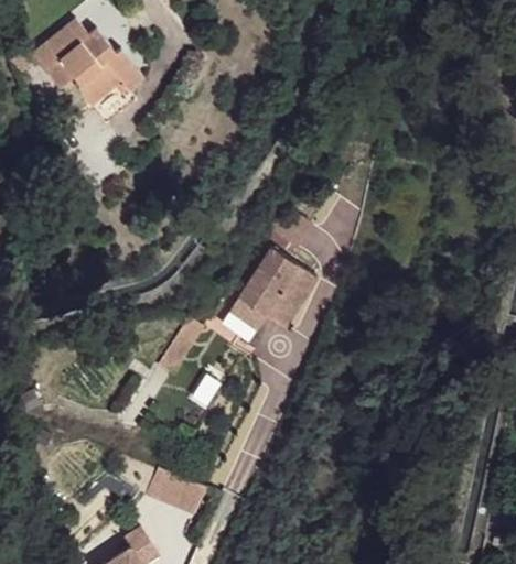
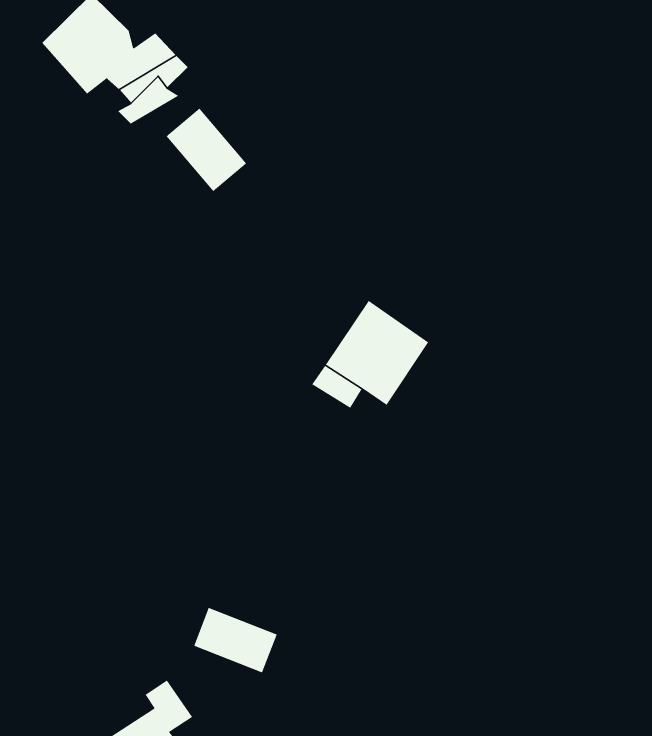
building: none -> [165,107,247,192]

